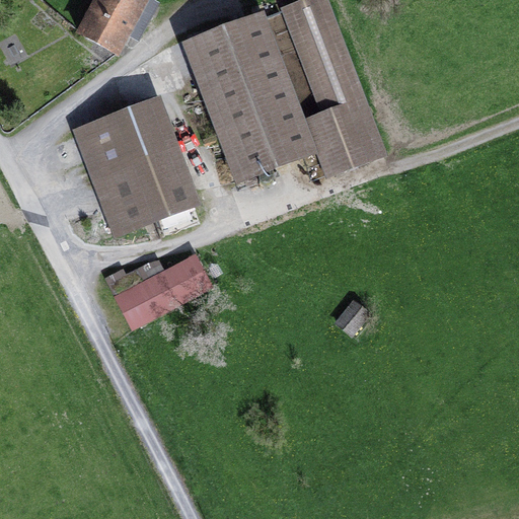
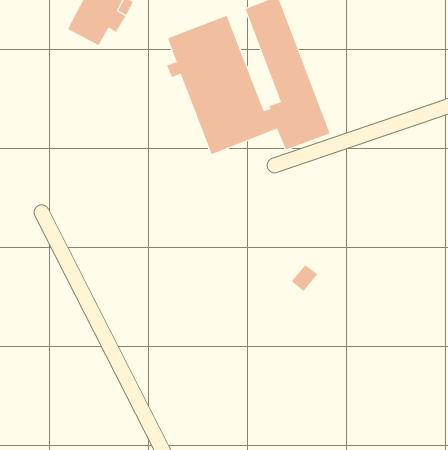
building: [76,103,190,231] -> none
building: [106,257,206,326] -> none

